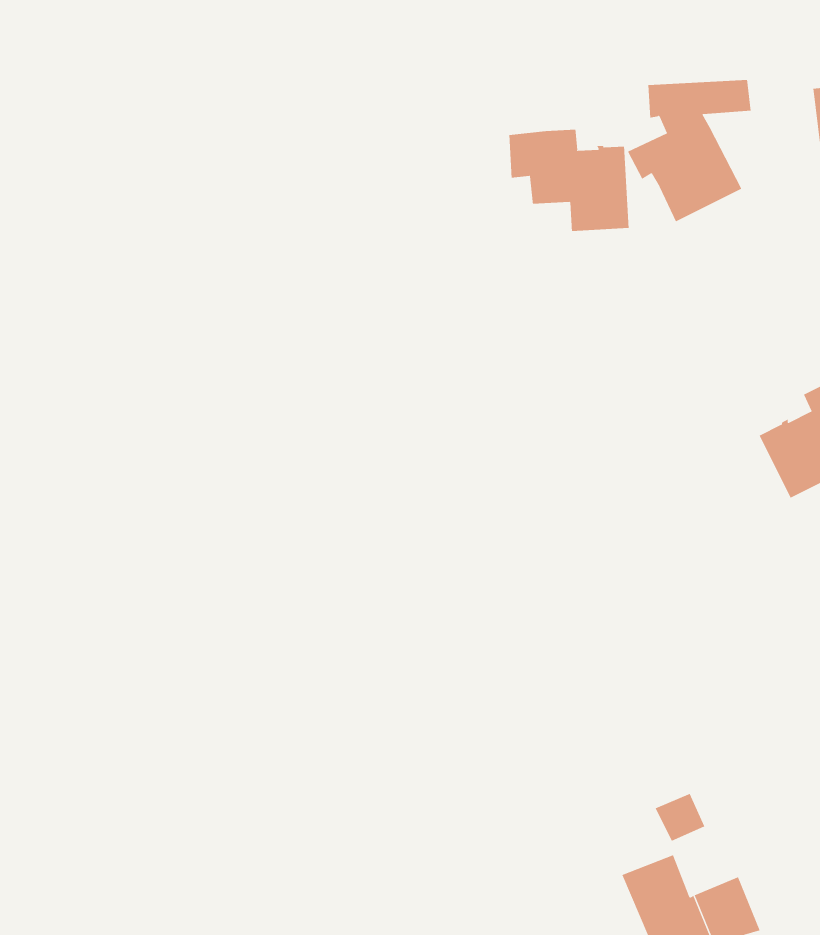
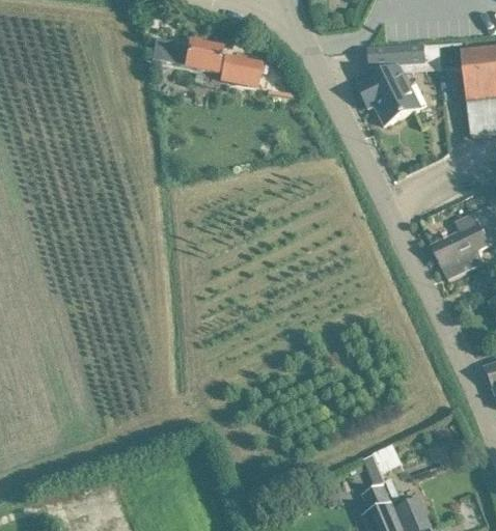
building: none -> [151,37,261,84]
building: [509,129,629,232] -> none

